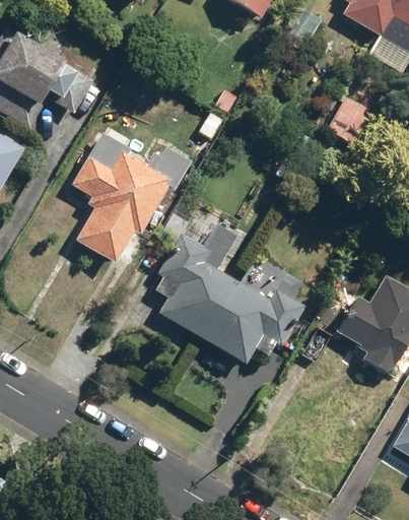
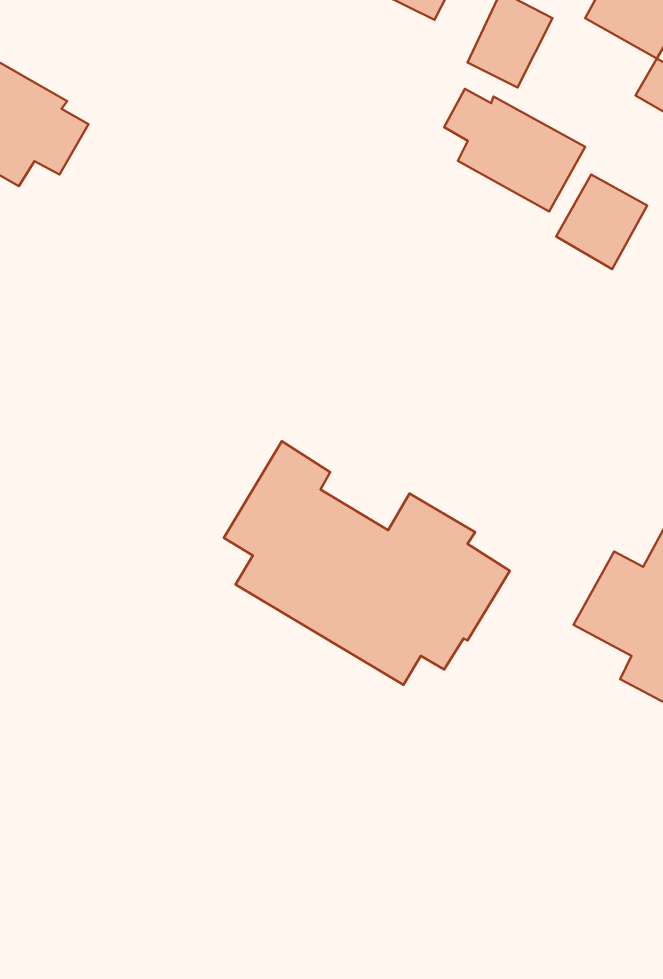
building: none -> [444,89,585,211]
building: [65,147,172,286] -> none

